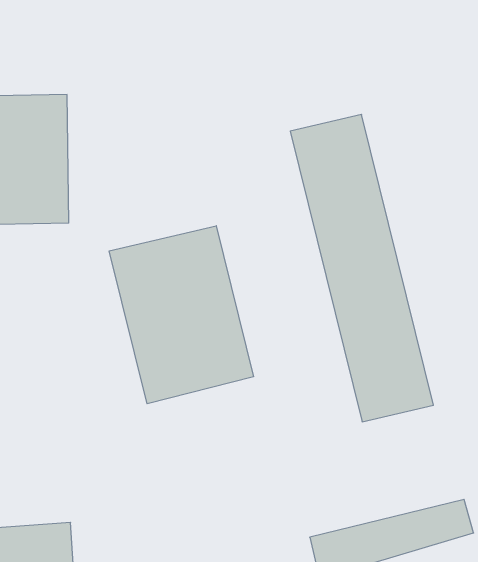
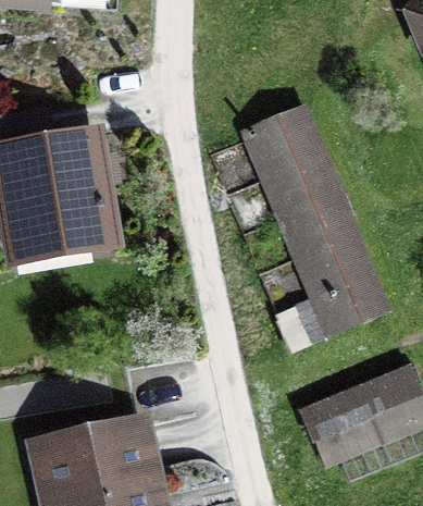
building: [109,226,253,404] -> none

